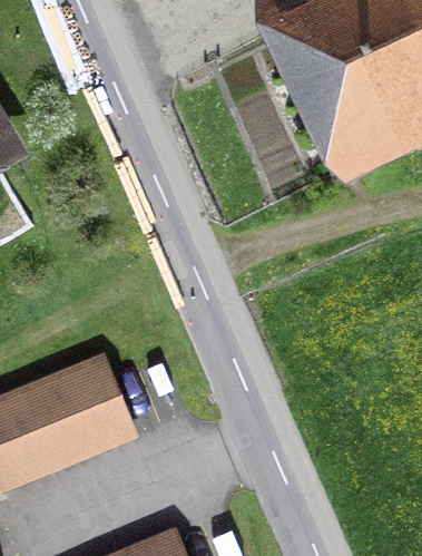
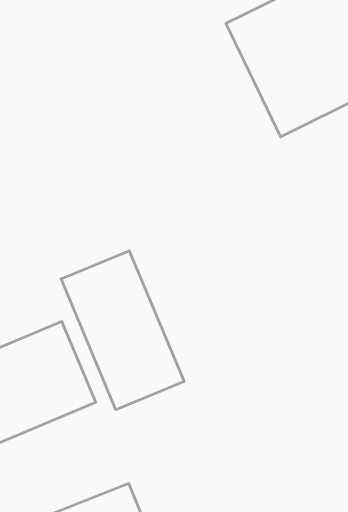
building: none -> [61,251,184,410]

